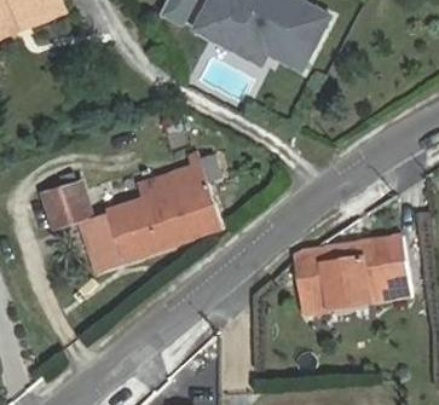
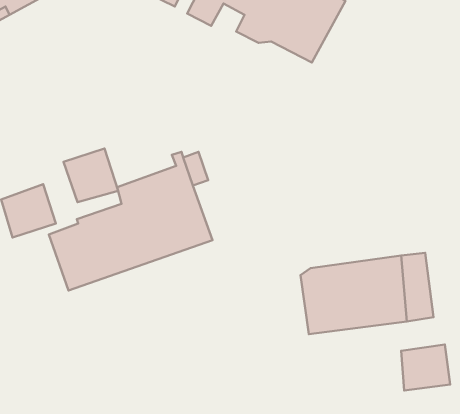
building: none -> [64,149,118,202]
building: none -> [401,344,450,390]

